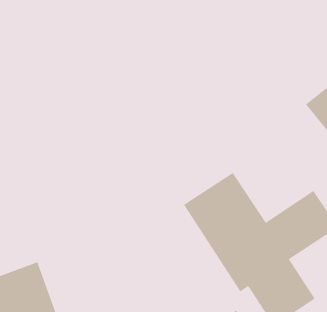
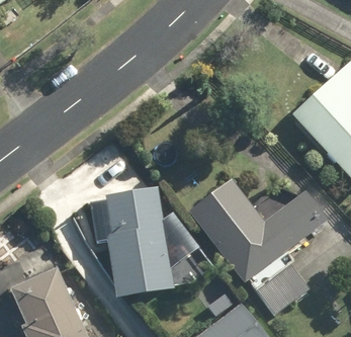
building: none -> [89,187,171,296]

